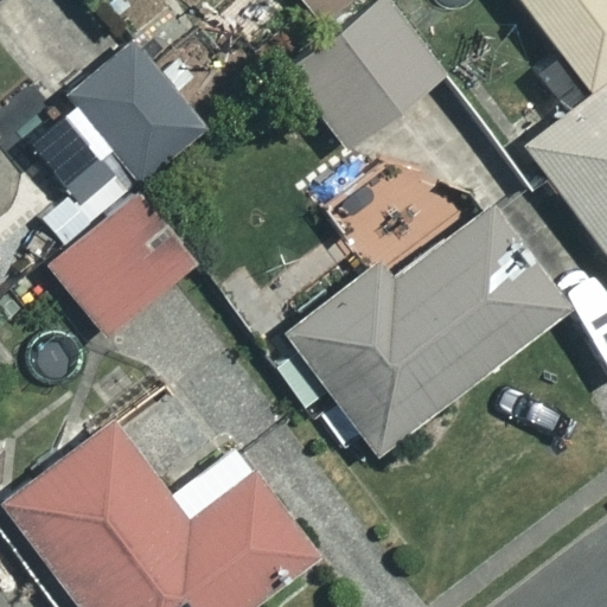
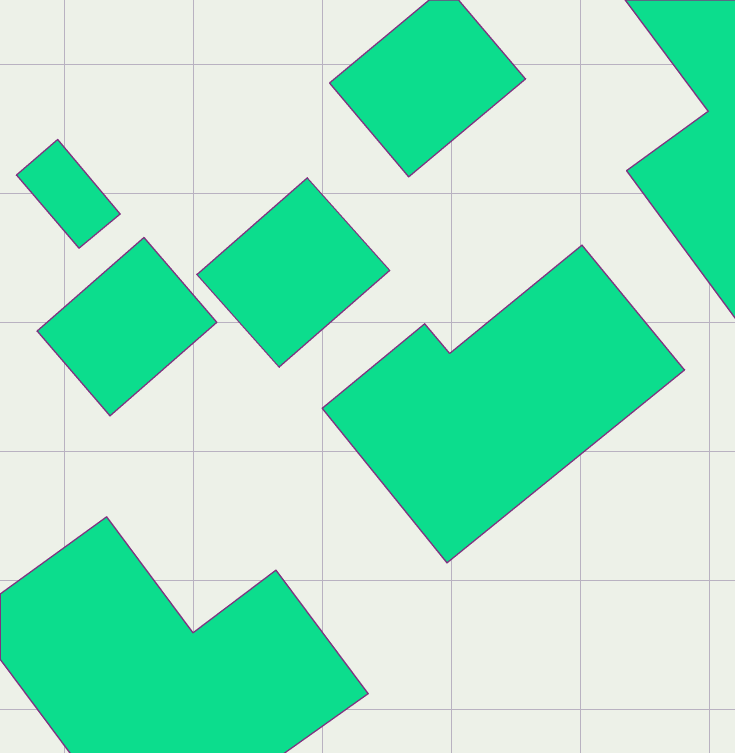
building: [69,44,204,181] -> none
building: none -> [197,178,390,367]

